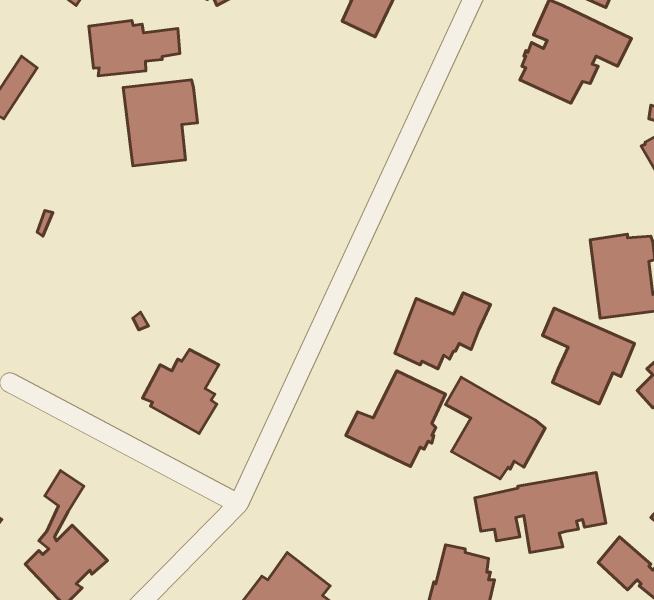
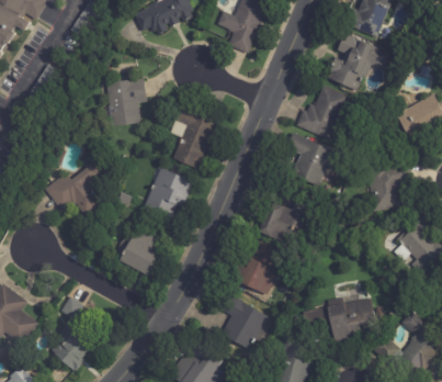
building: [89,20,180,76] -> none
building: none -> [295,86,347,139]
building: none -> [170,108,217,169]
building: none -> [42,151,107,215]
building: none -> [141,166,192,220]
building: [543,308,634,404] -> [285,132,337,186]
building: [446,377,545,479] -> [216,292,272,349]

